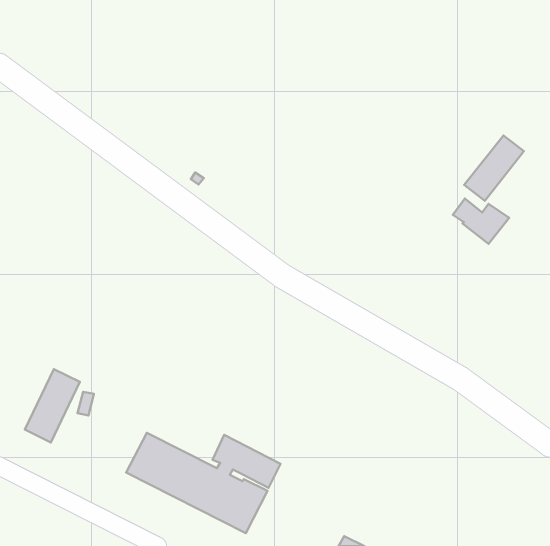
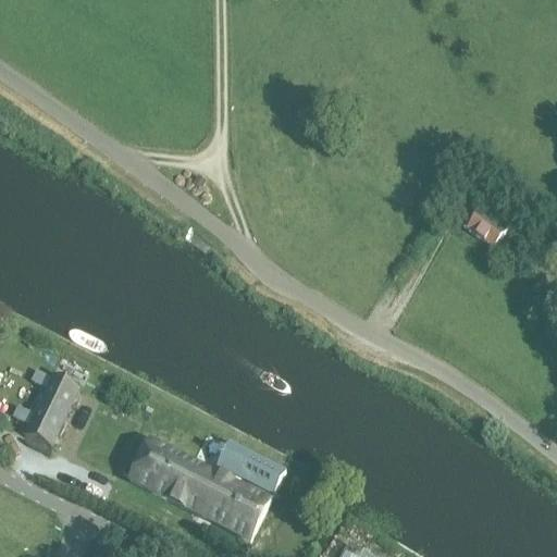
building: [464,135,524,201] -> none

